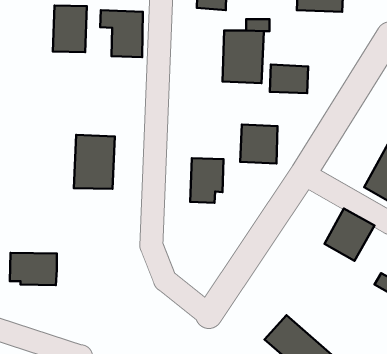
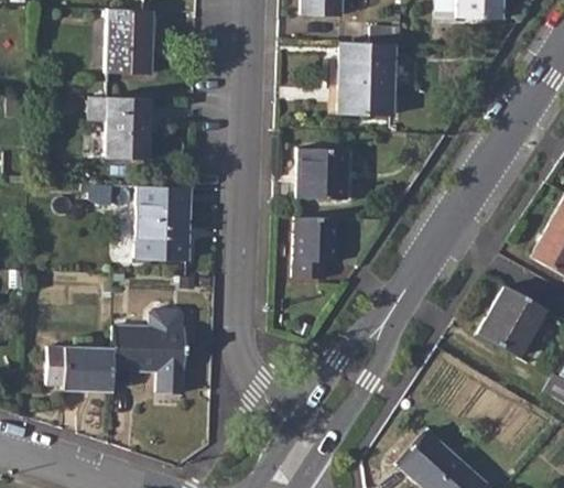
building: [100,10,143,57] -> [89,96,148,160]
building: [270,65,308,93] -> none
building: [240,125,277,163] -> [295,147,346,199]
building: none -> [111,325,184,391]

